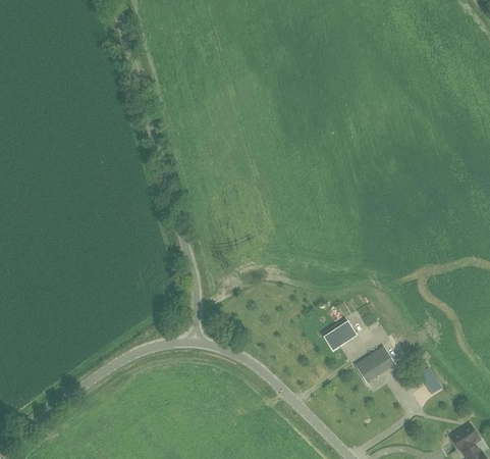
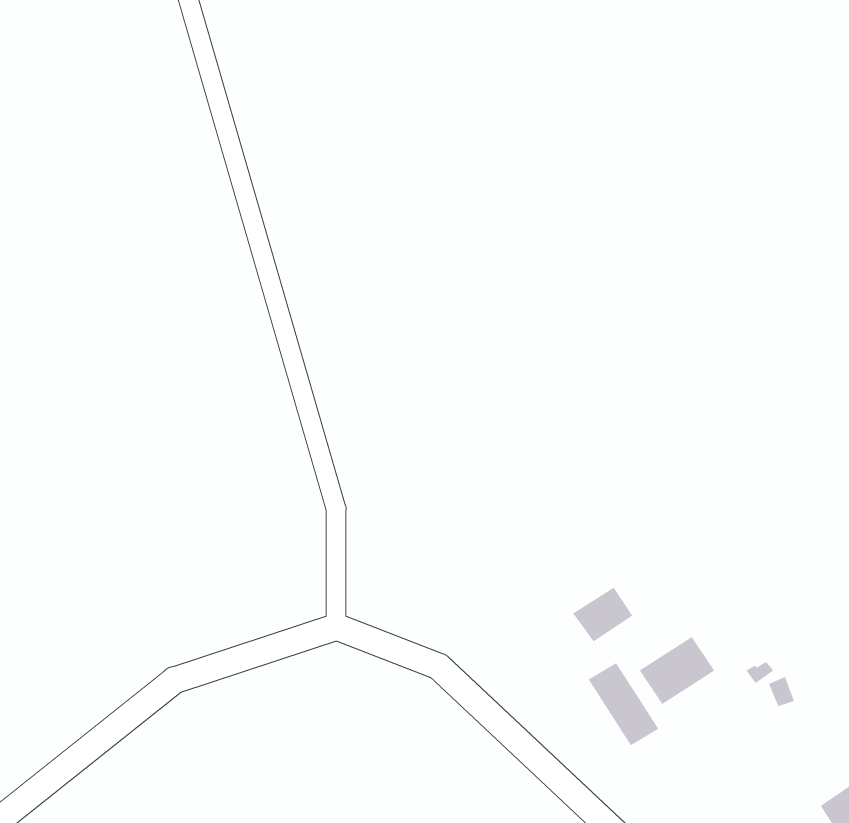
building: none -> [588,662,659,746]

